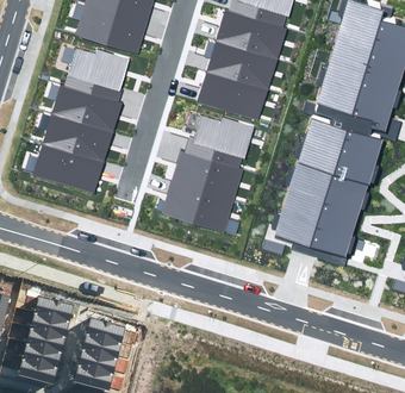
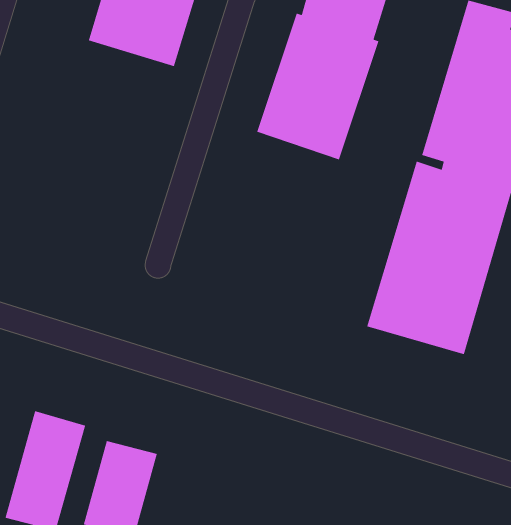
building: [32,48,131,192] -> none
building: [161,116,250,233] -> none

